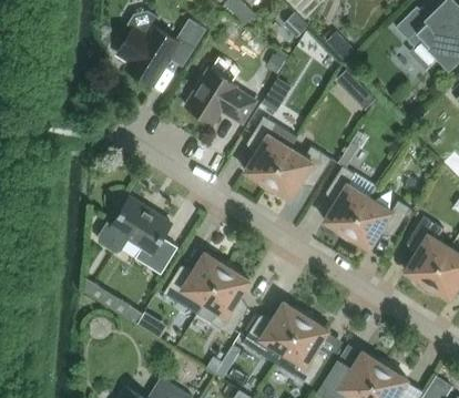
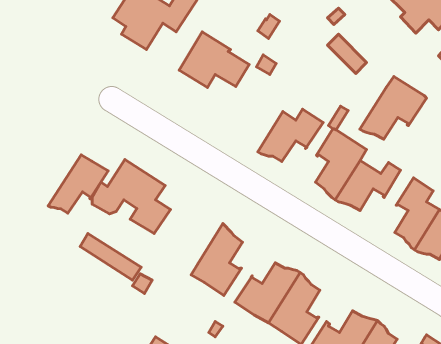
building: none -> [360,76,426,139]
building: [245,116,297,190] -> none
building: none -> [48,155,108,213]
building: [163,253,230,315] -> none

